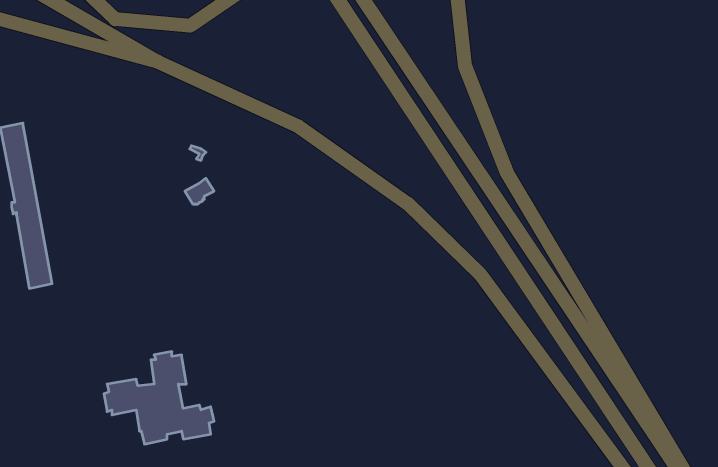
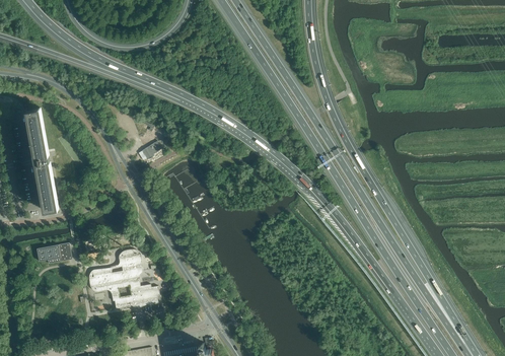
building: none -> [34,243,69,264]

